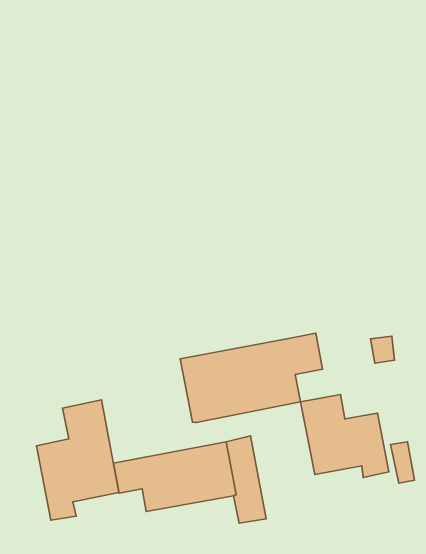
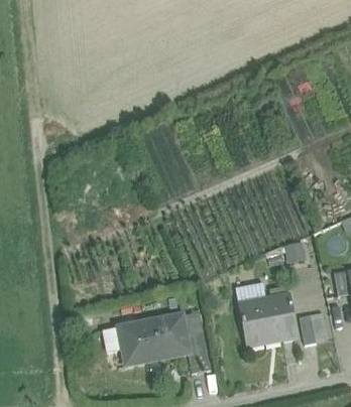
building: [180,333,323,422] -> none
building: [37,400,119,520] -> none

